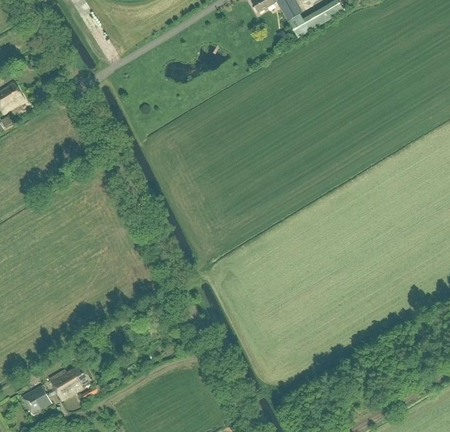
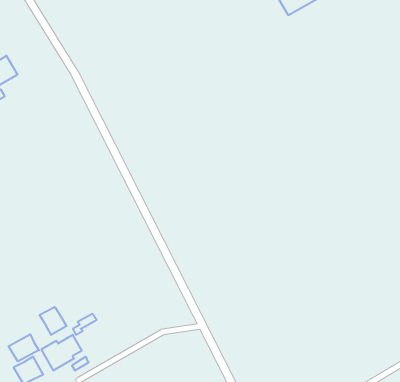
building: none -> [40,307,67,335]
building: none -> [8,334,39,361]

